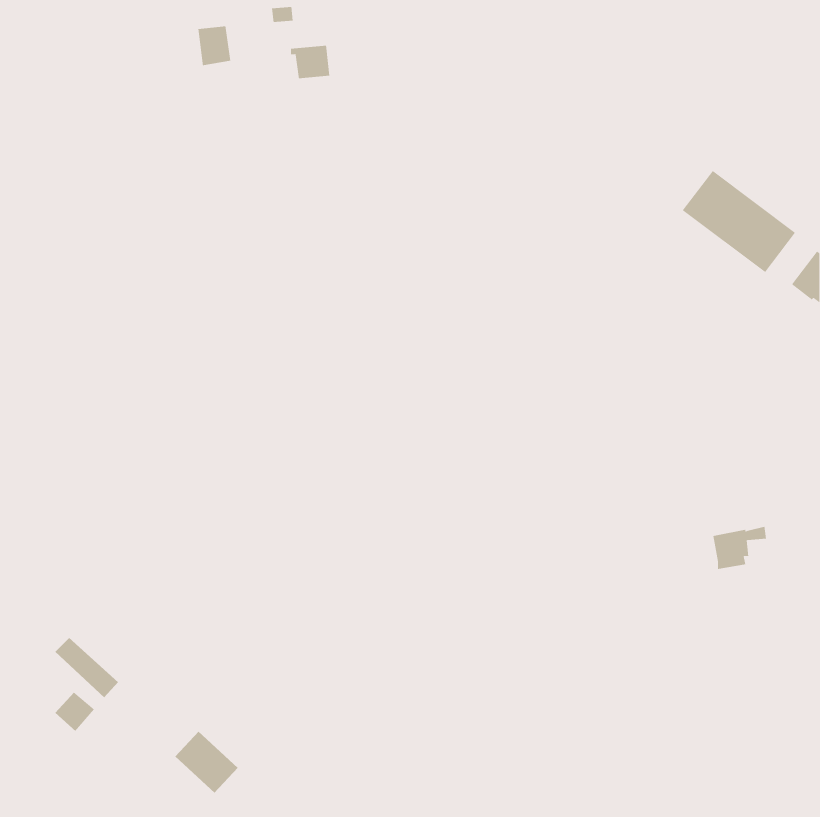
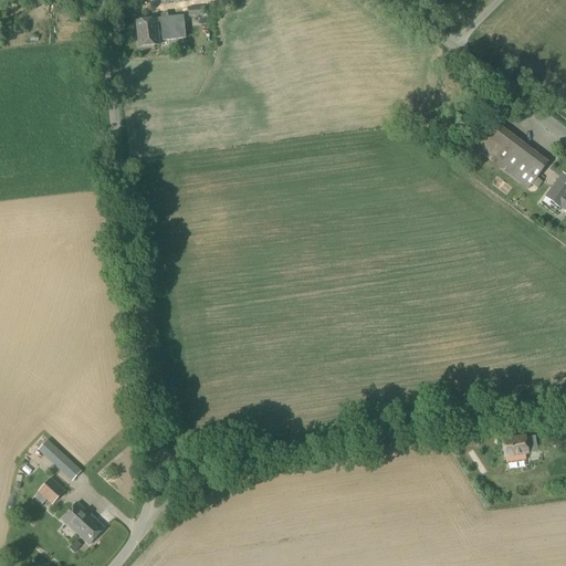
building: [290,45,330,79] -> [157,15,185,39]
building: [712,526,767,569] -> [502,431,539,461]
building: [174,731,239,794] -> [61,501,105,544]

